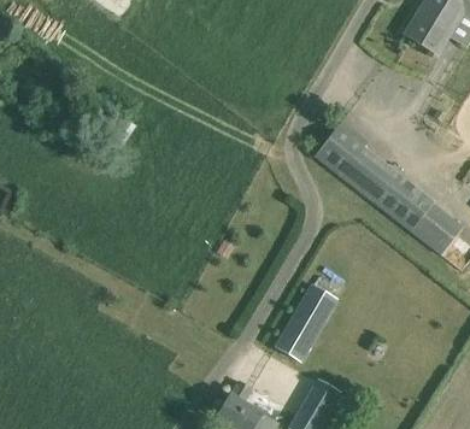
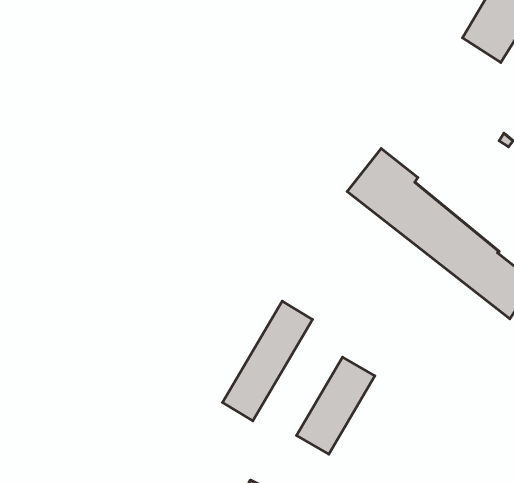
building: none -> [222,301,312,421]

